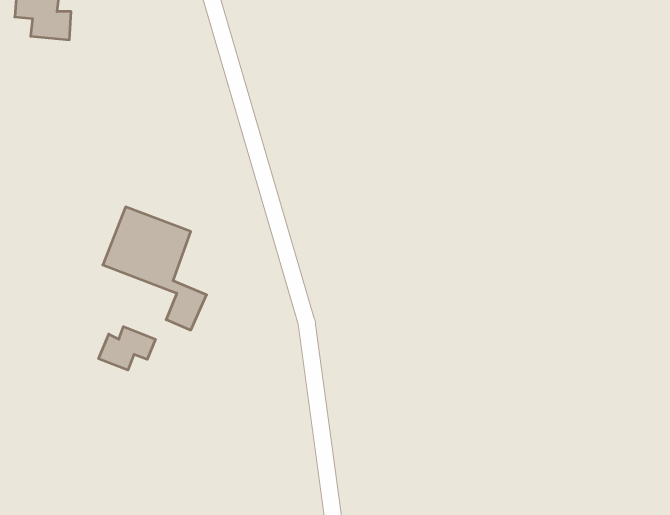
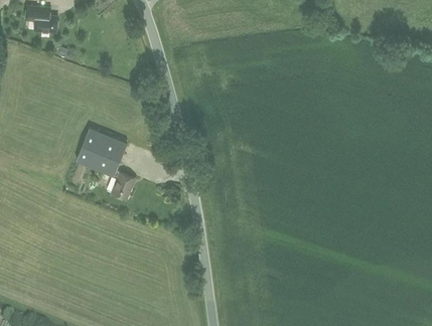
building: [99,327,155,370] -> none

